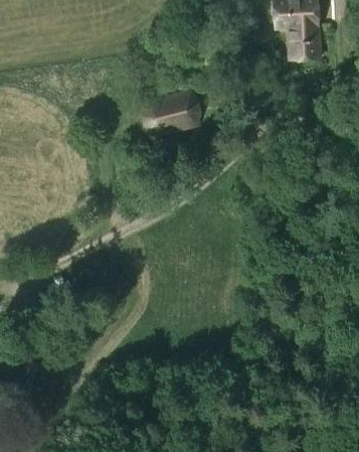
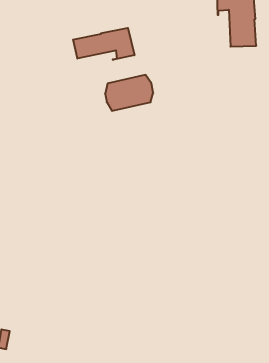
building: none -> [73,28,134,60]

